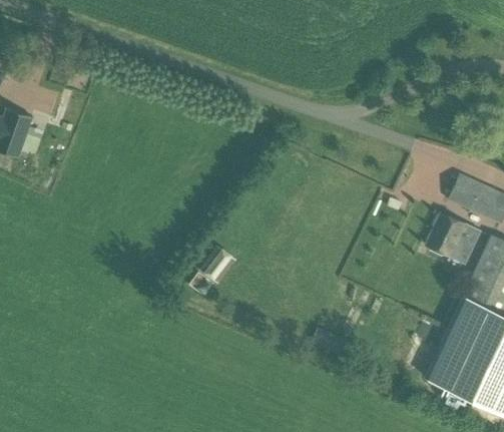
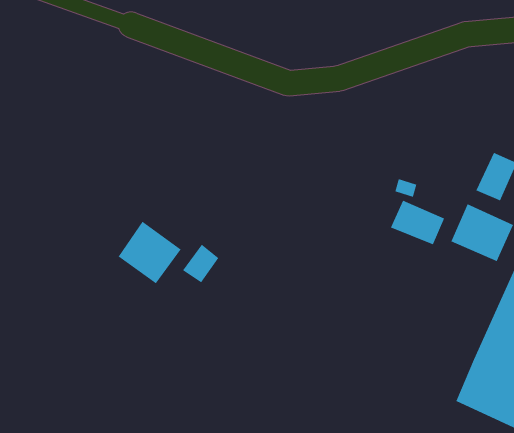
building: none -> [390,200,445,245]
building: none -> [118,221,182,284]

